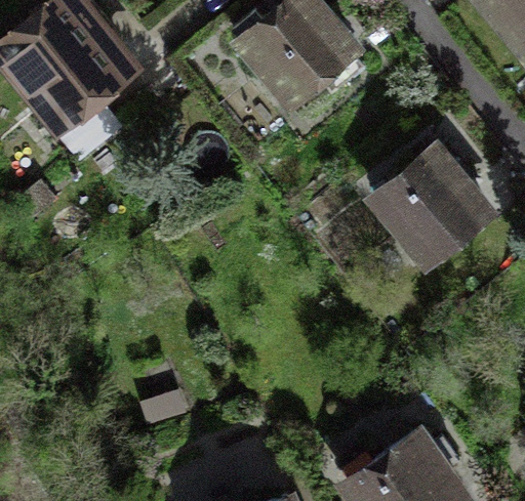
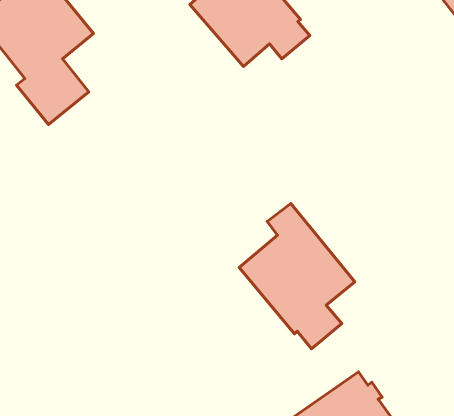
building: [376,148,488,259] -> none
building: none -> [239,203,355,349]

